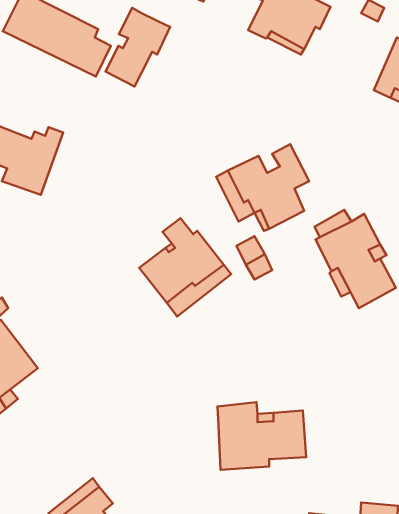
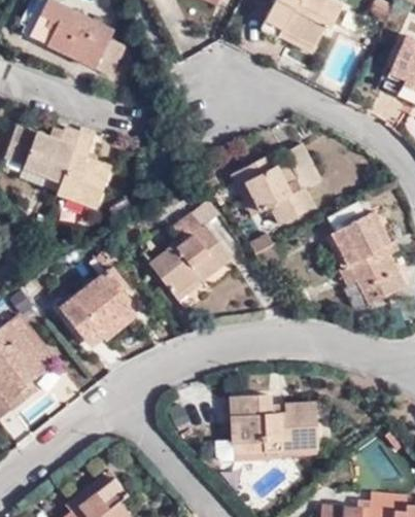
building: [105,8,170,87] -> none
building: none -> [57,127,111,209]
building: none -> [61,266,140,346]

